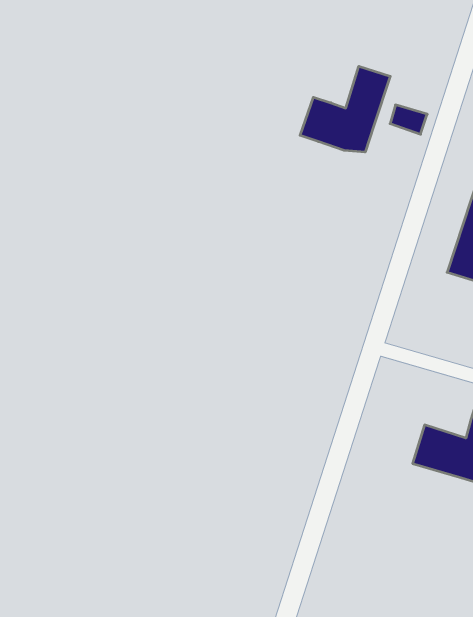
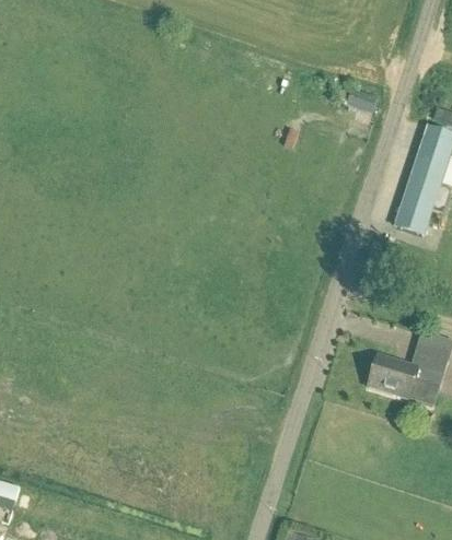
building: [300,66,390,152] -> none

